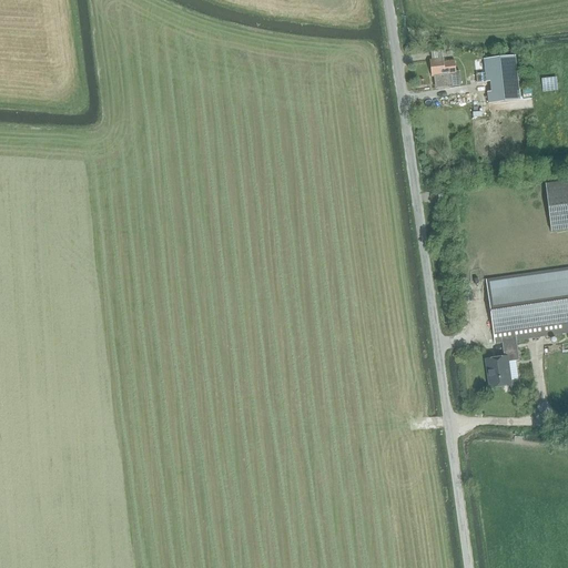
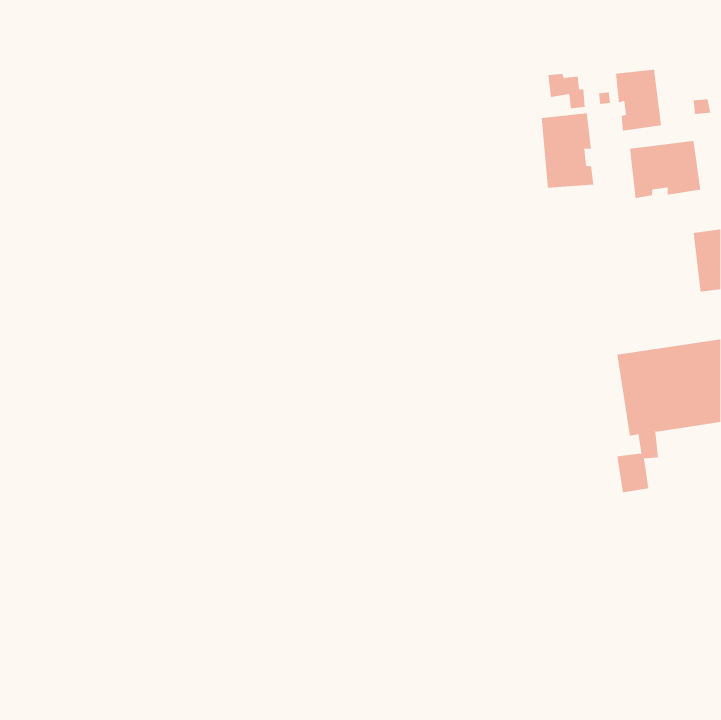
building: none -> [541,112,594,189]
building: none -> [630,140,701,199]

